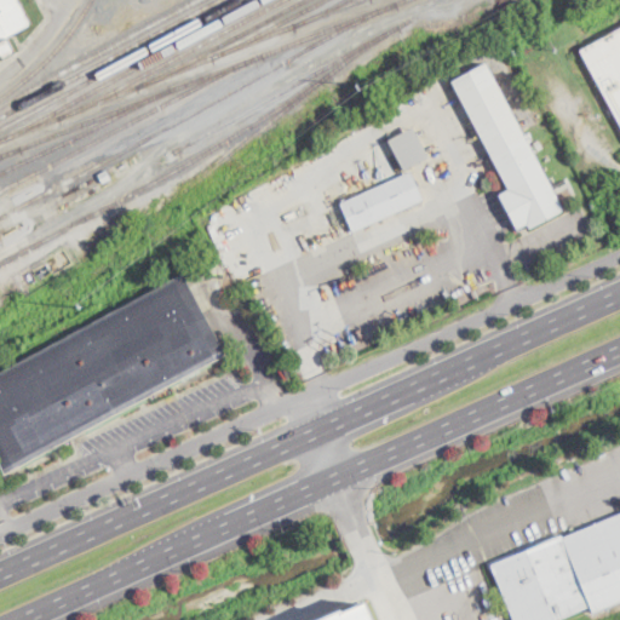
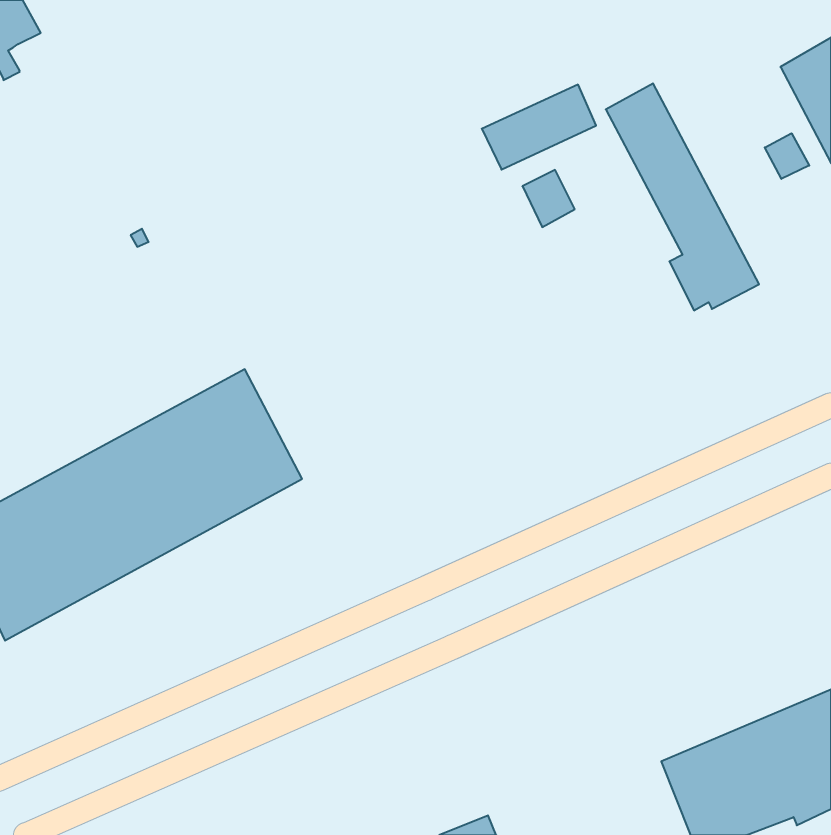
building: none -> [765,133,809,179]
building: [337,171,421,234] -> [482,85,596,170]

